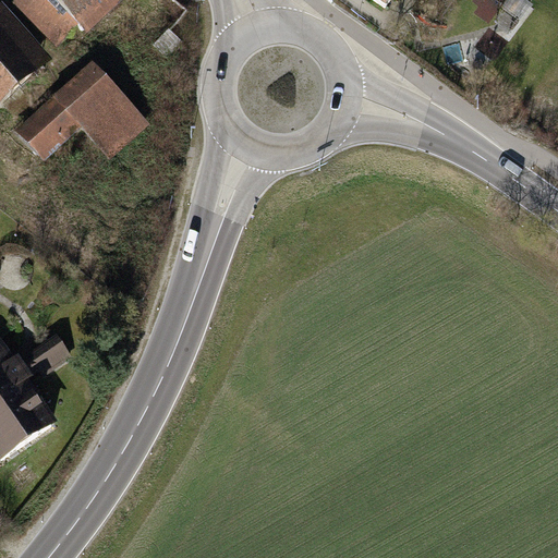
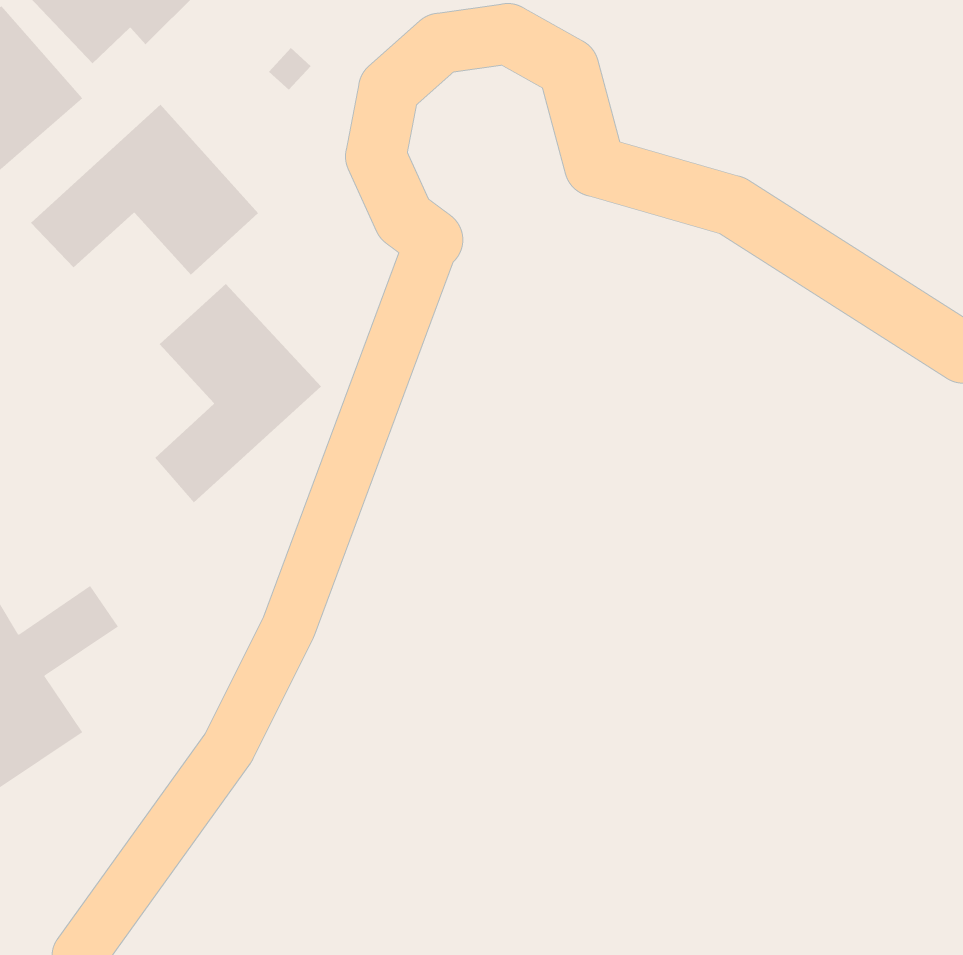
building: none -> [154,283,322,503]

